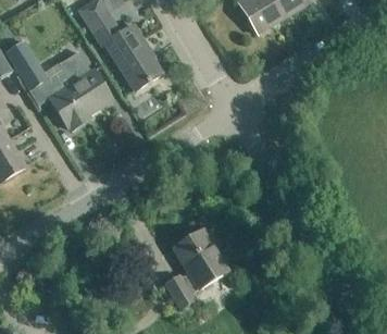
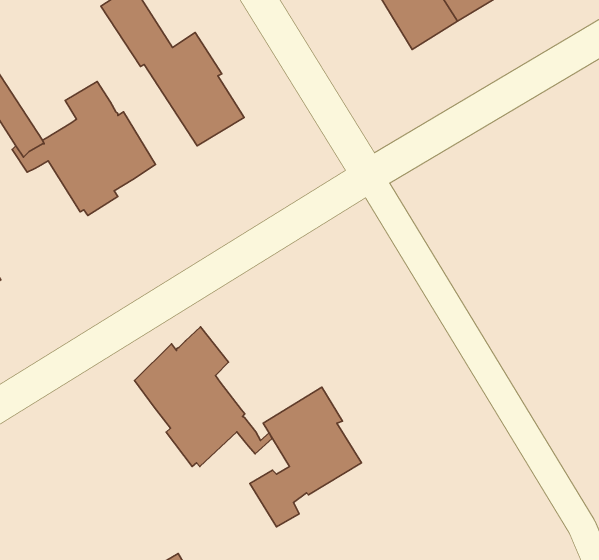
building: none -> [135,327,272,467]

